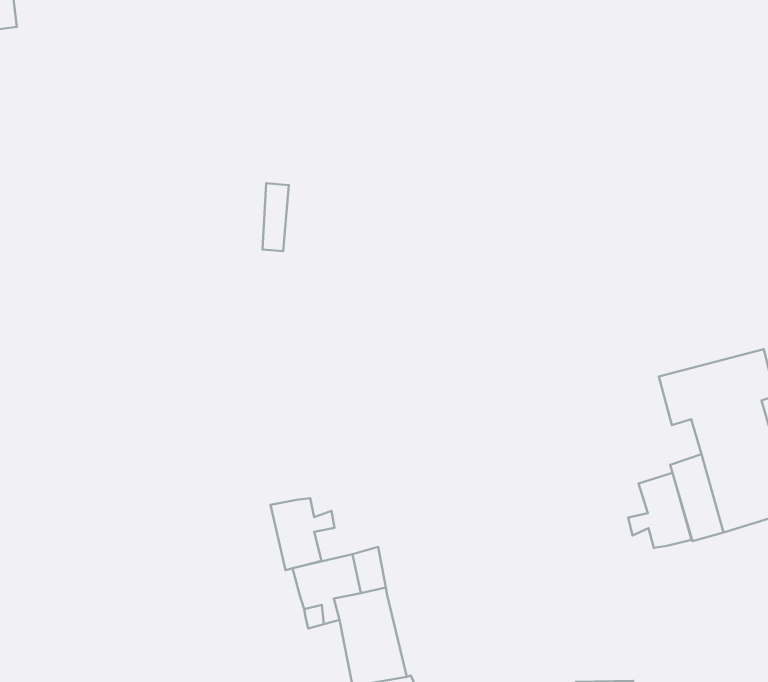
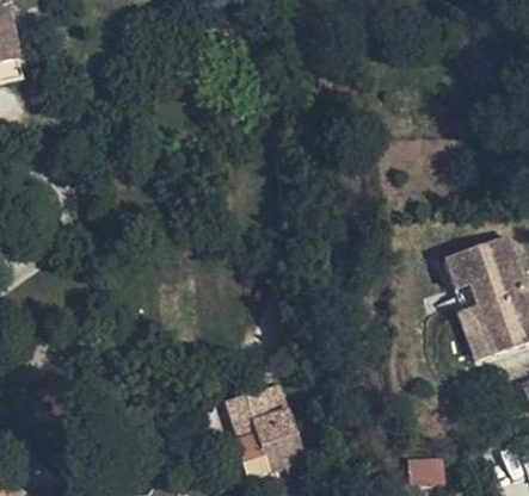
building: [628,473,691,548] -> none
building: [270,498,335,570] -> none

